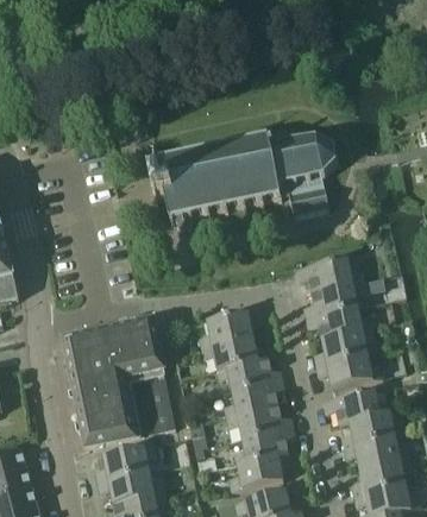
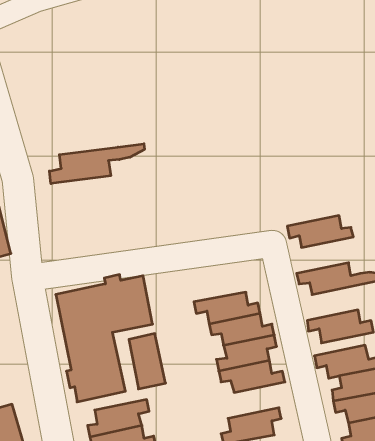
building: [150,128,339,227] -> none
building: none -> [49,144,144,184]
building: [303,280,365,317] -> none
building: [200,309,262,346] -> none
building: [314,328,375,365] -> none
building: [234,427,296,464] -> none

